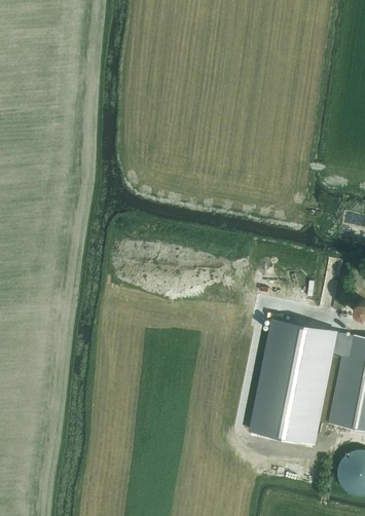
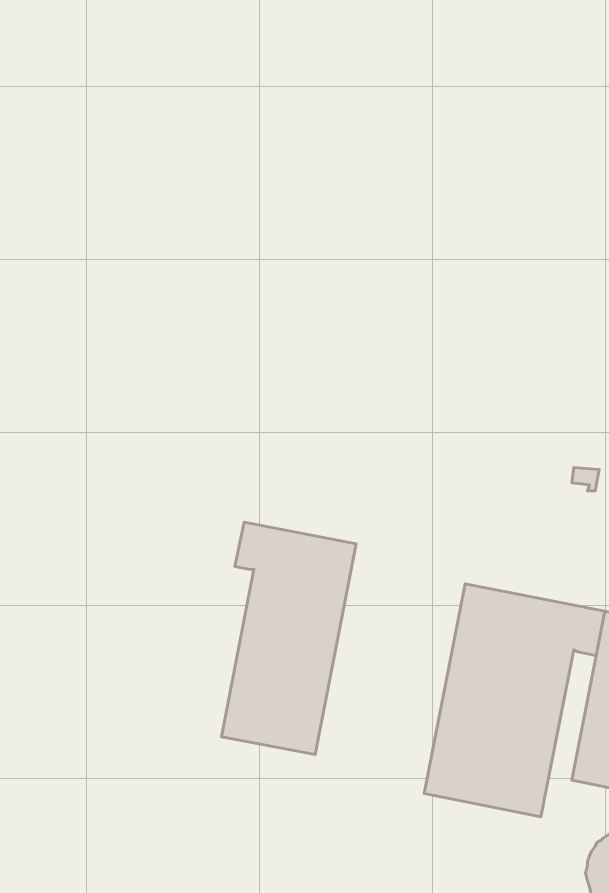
building: none -> [222,522,356,754]

